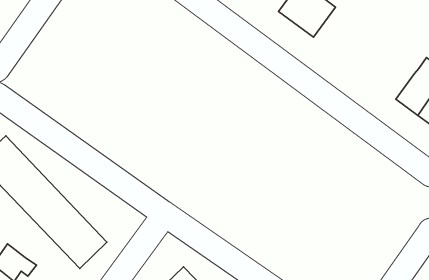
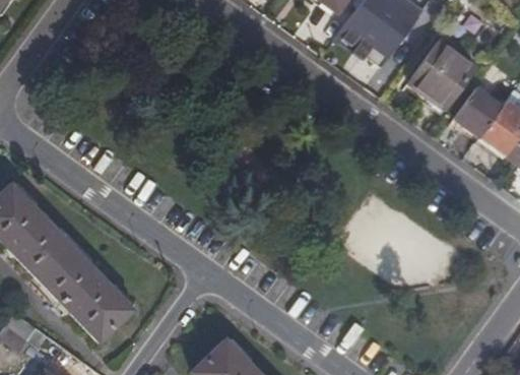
building: none -> [409,42,474,108]
building: none -> [454,89,502,138]

